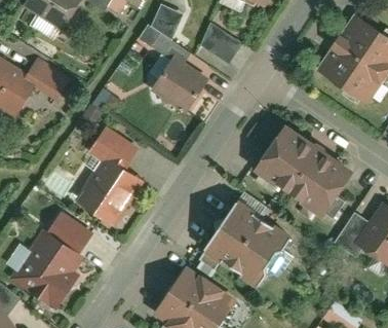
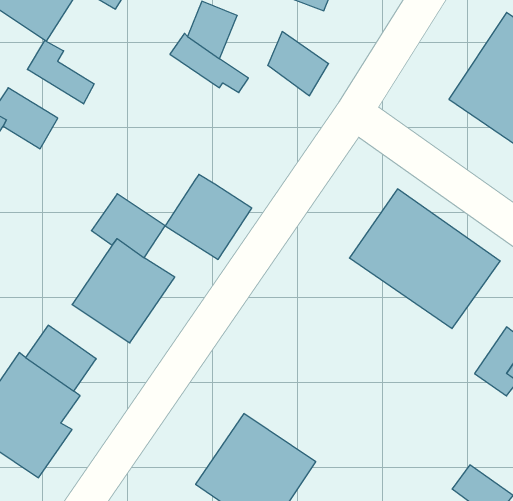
building: none -> [27,40,94,104]
building: [152,58,207,112] -> [165,174,252,259]
building: [204,202,288,284] -> none

